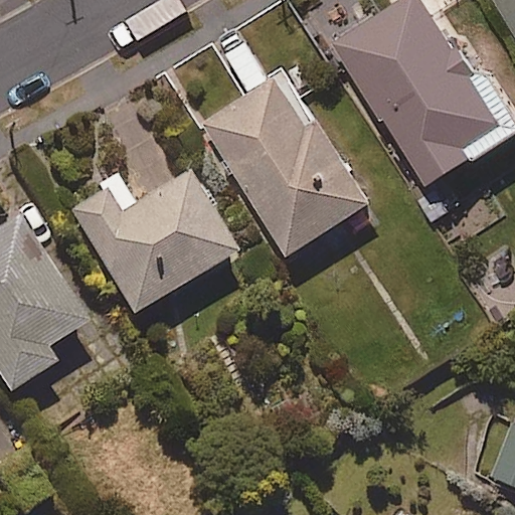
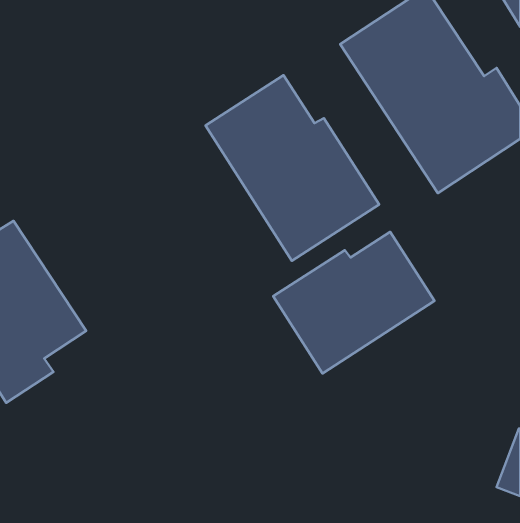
building: [67,173,234,315] -> none
building: none -> [273,232,435,374]

